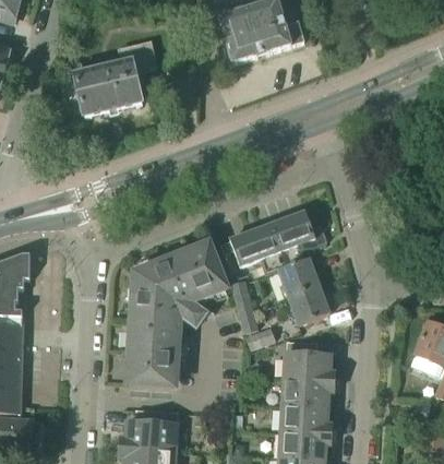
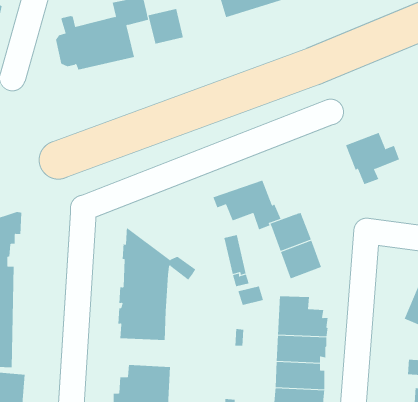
building: none -> [148,8,184,44]
building: [269,211,324,263] -> [345,132,400,185]
building: [133,241,224,304] -> none

